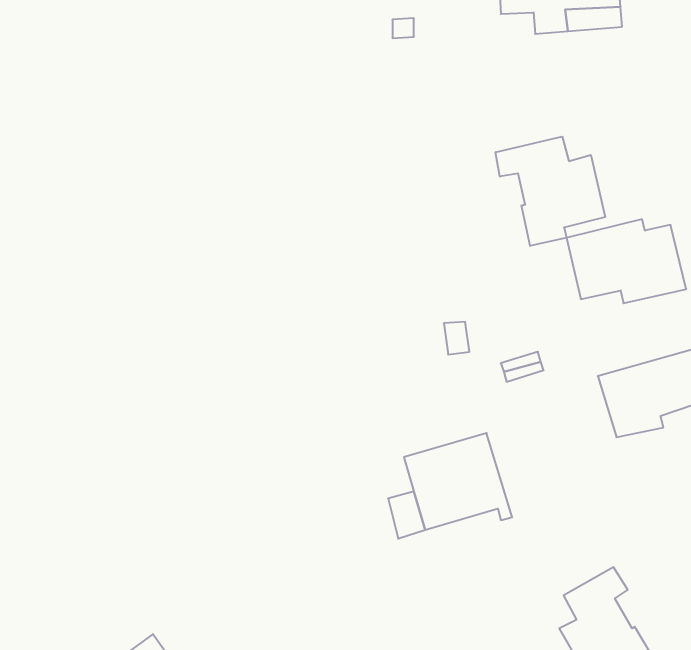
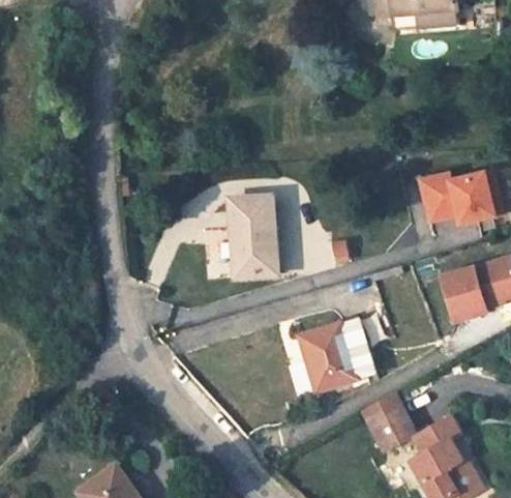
building: [496,137,605,246] -> none
building: none -> [230,195,276,276]
building: none -> [370,406,417,450]

